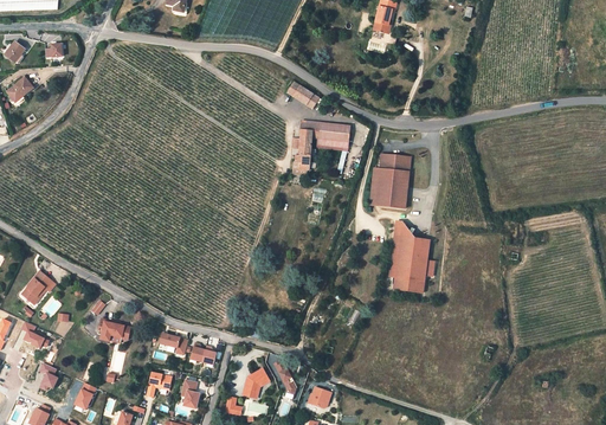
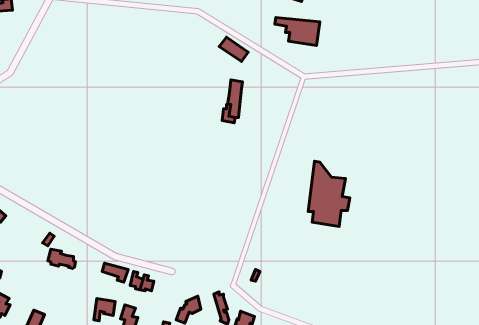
building: [302,122,352,153] -> [275,18,320,45]
building: [369,154,411,208] -> none

